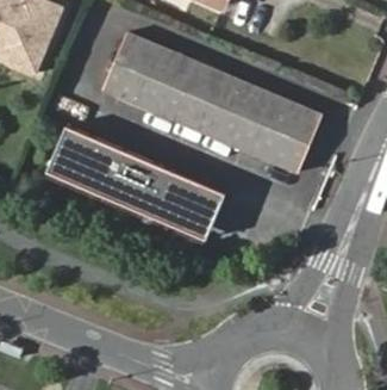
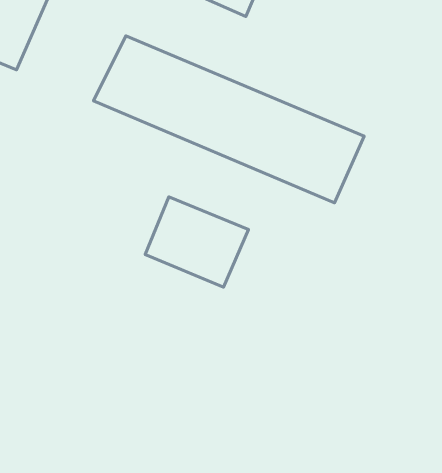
building: [45,120,161,208] -> none

